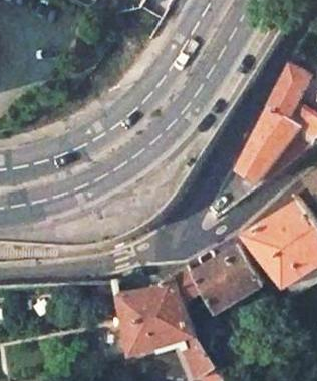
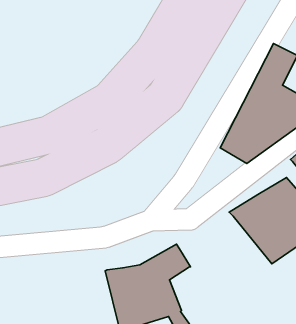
building: [191,244,263,314] -> none

